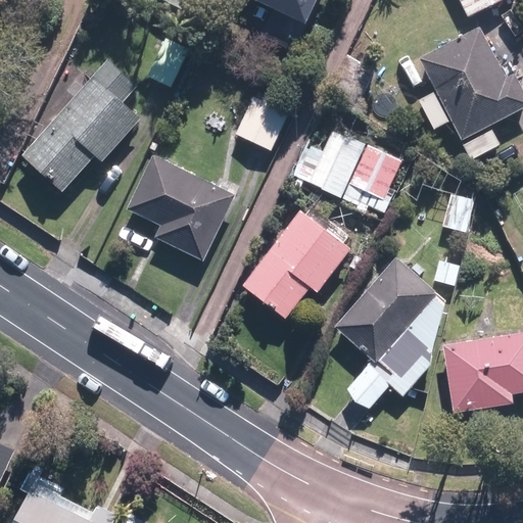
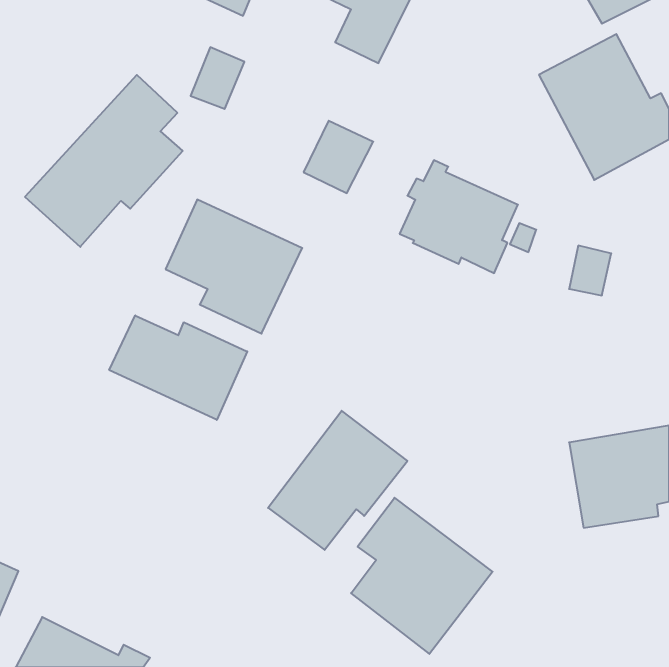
building: [242,209,350,318] -> [268,411,407,550]
building: none -> [109,315,247,420]
building: [336,254,446,407] -> none
building: none -> [351,498,493,654]

